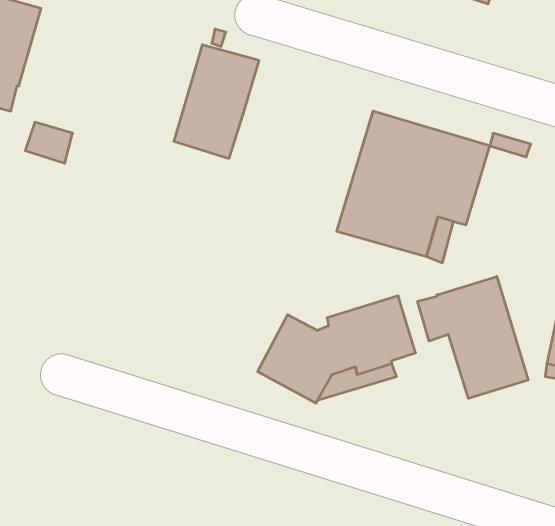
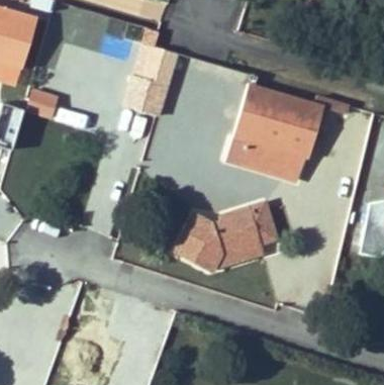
building: [418,276,528,398] -> none

